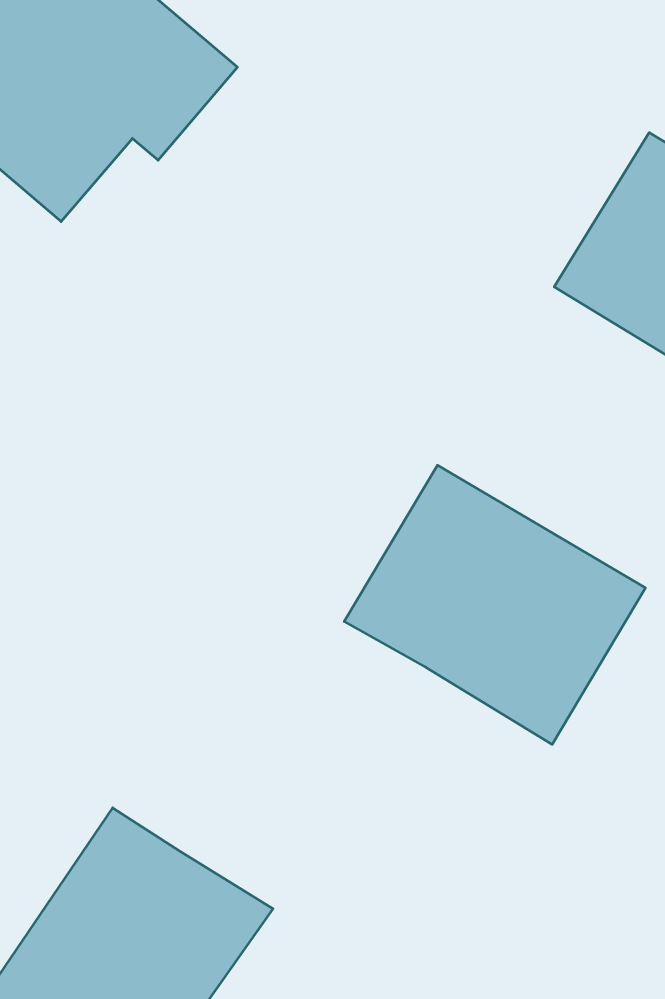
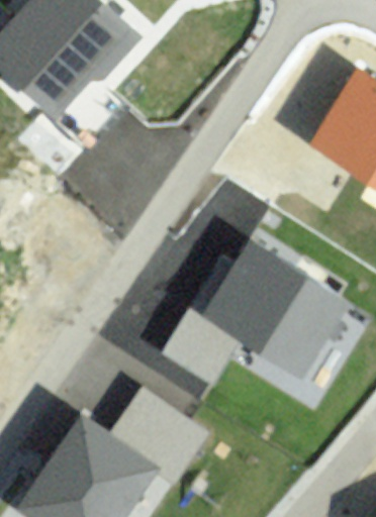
building: none -> [161,312,240,388]
building: none -> [114,389,210,477]

